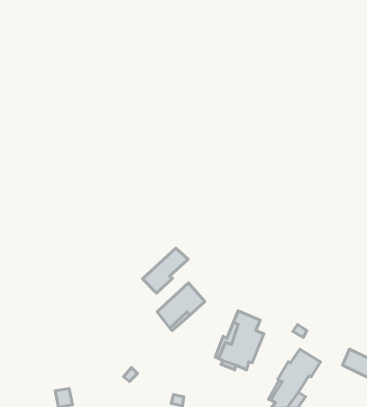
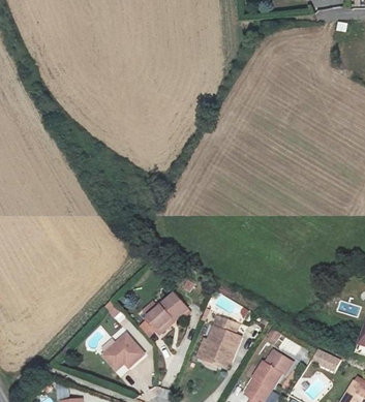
building: [142,248,188,293] -> none
building: none -> [101,331,145,368]

